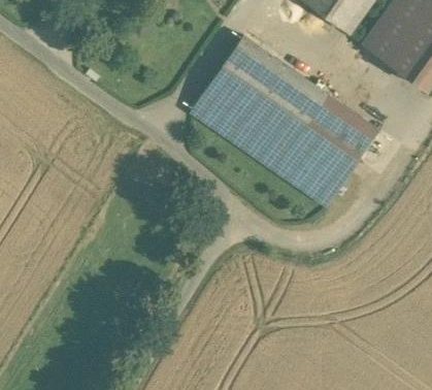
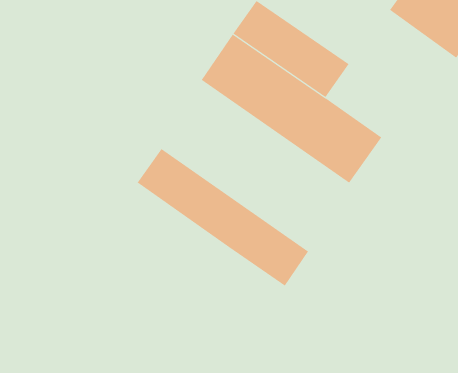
building: [303,93,375,160] -> none
building: none -> [137,148,309,287]

